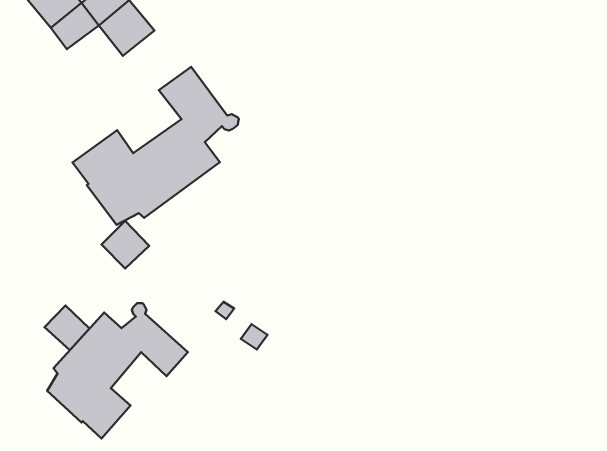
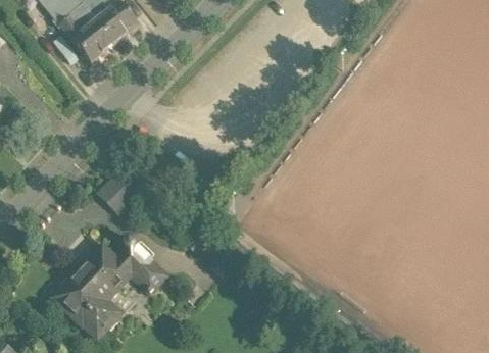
building: none -> [71,21,114,63]
building: [72,67,239,225] -> none
building: [45,305,89,350] -> none

